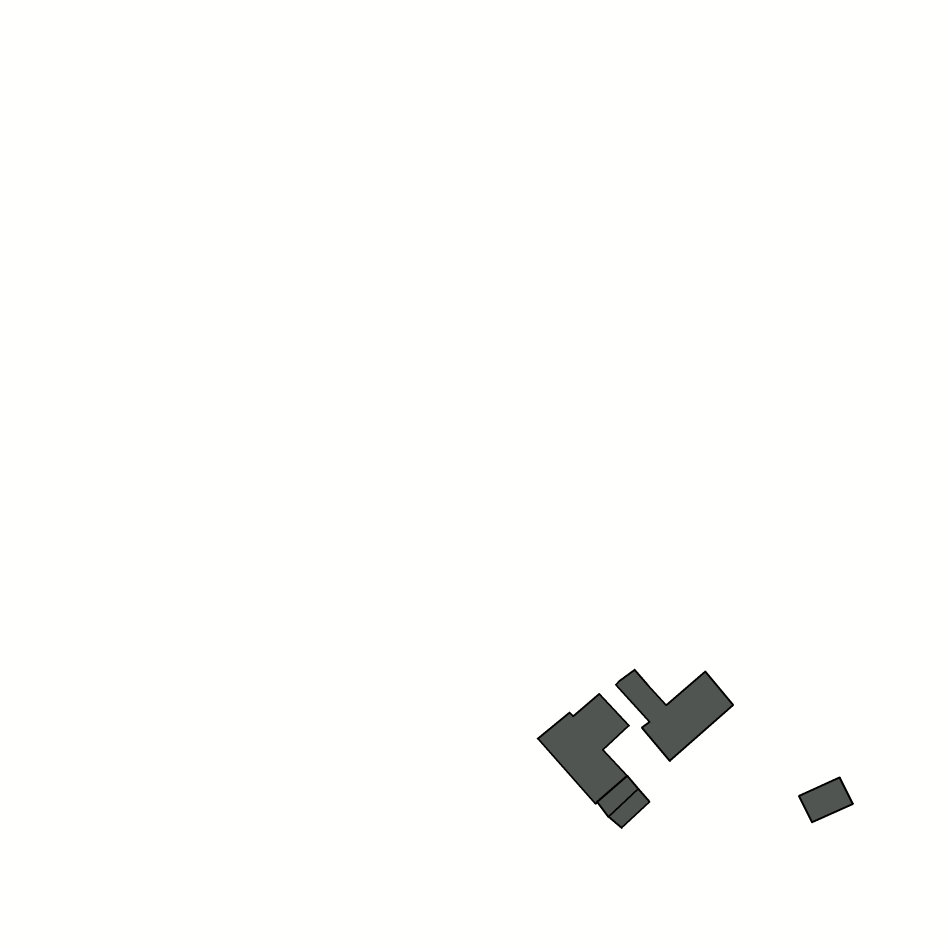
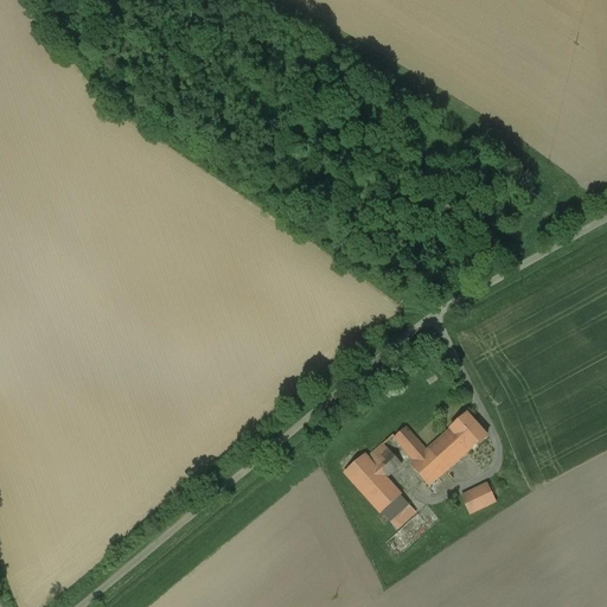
building: none -> [448,413,485,449]
building: [799,778,853,822] -> [460,484,494,512]

